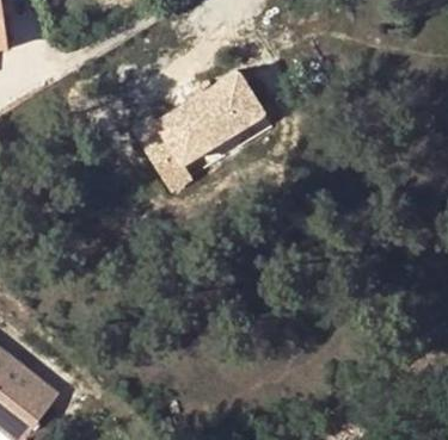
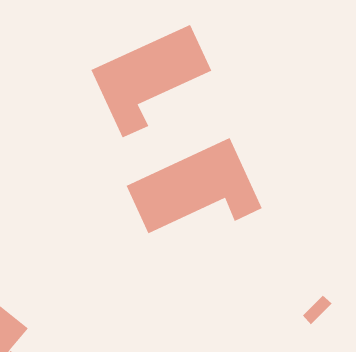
building: none -> [126,137,262,234]

